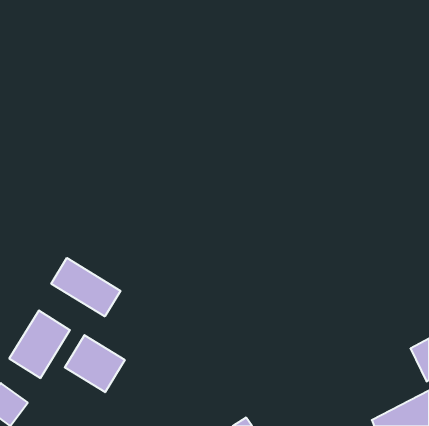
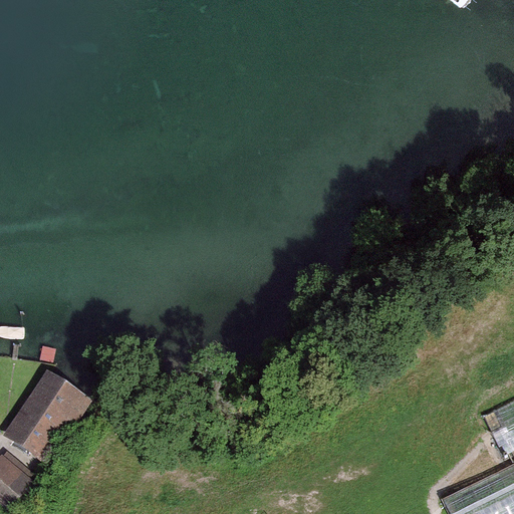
building: [51,258,120,316] -> none
building: [65,335,125,392] -> none

